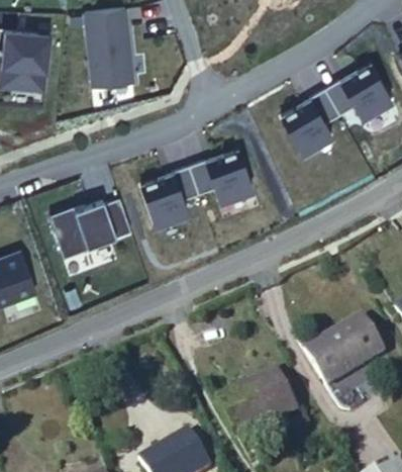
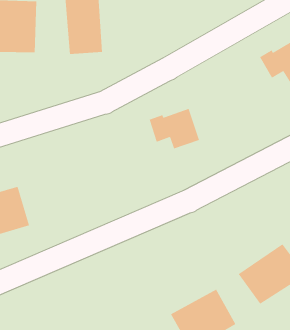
building: [282,90,340,155] -> none
building: [141,167,199,226] -> none
building: [55,188,136,255] -> none

